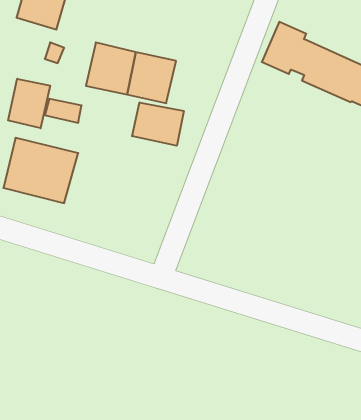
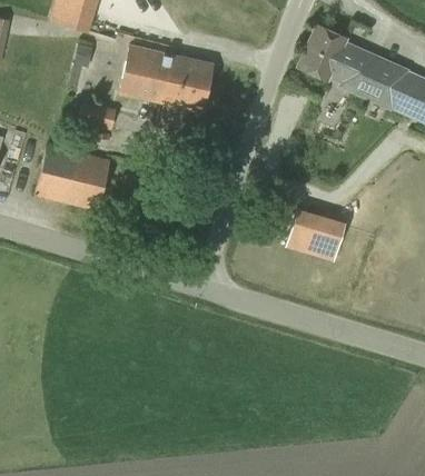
building: [8,79,50,128] -> none
building: [132,102,184,146] -> none
building: none -> [294,206,357,261]

